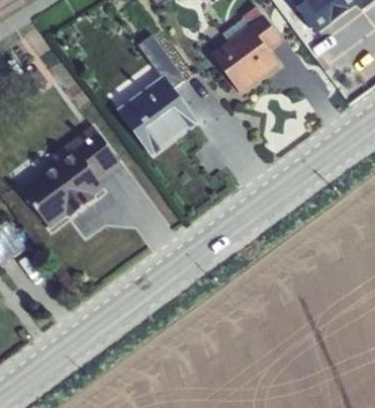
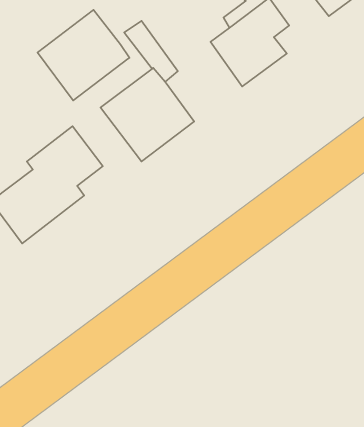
building: none -> [37,10,129,100]

